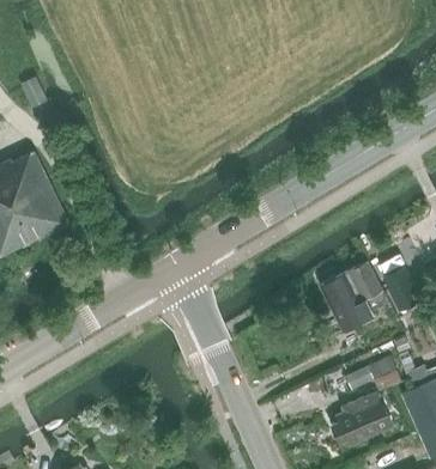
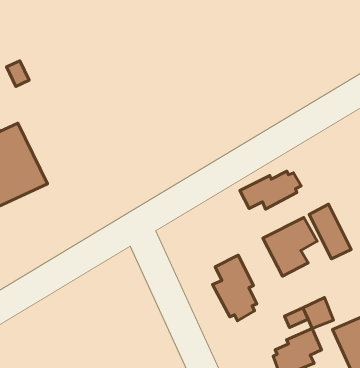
building: none -> [240,171,301,209]
building: none -> [212,255,257,321]

